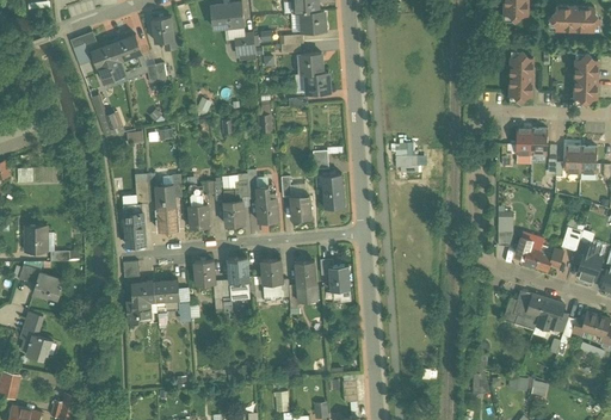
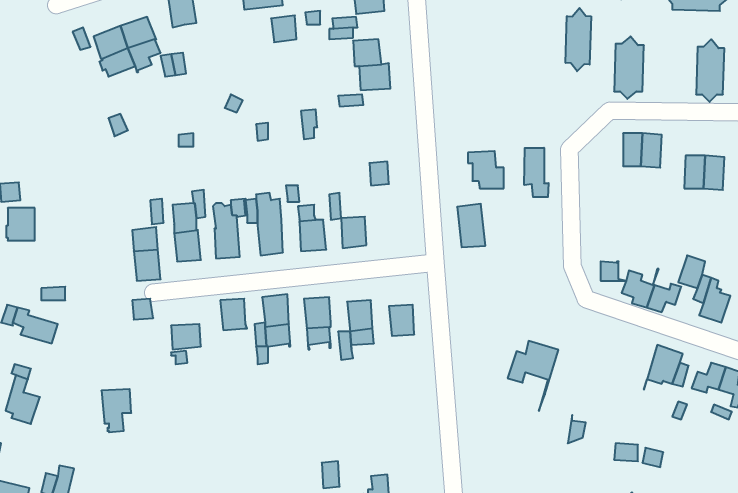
building: none -> [566,8,591,71]
building: none -> [524,148,549,197]
building: [321,173,344,208] -> [457,204,485,247]
building: [24,226,47,252] -> [6,208,35,241]
building: [131,282,155,316] -> [101,389,131,432]
building: [502,290,543,346] -> [508,341,558,411]

